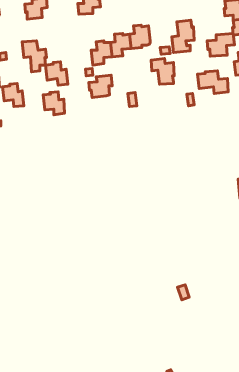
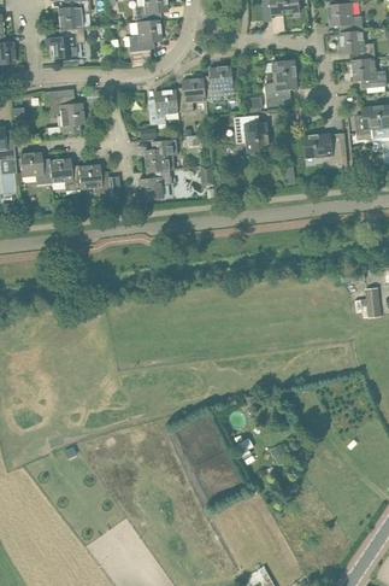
building: [207,34,234,56] -> none
building: [46,62,68,85] -> [48,157,81,191]
building: none -> [138,169,171,200]

